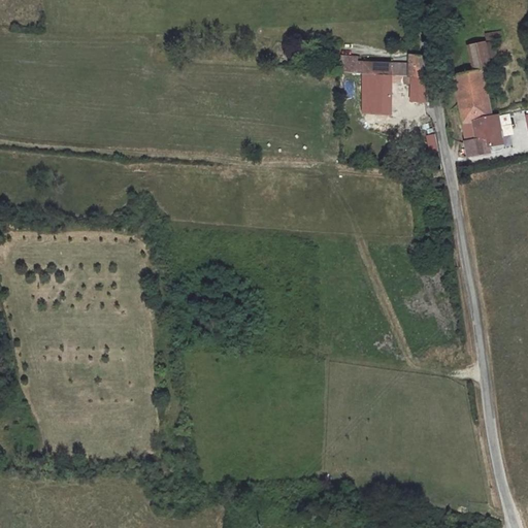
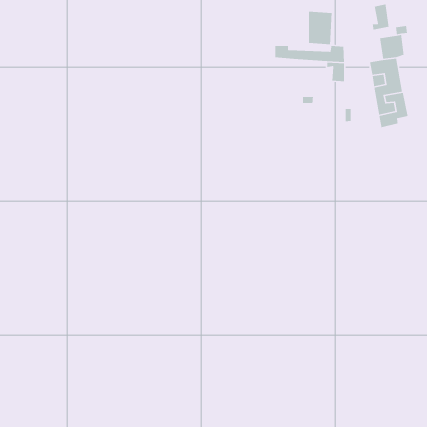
building: none -> [372,3,390,31]
building: [361,73,391,116] -> [308,11,332,45]

